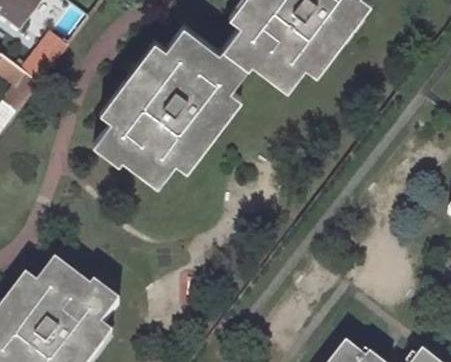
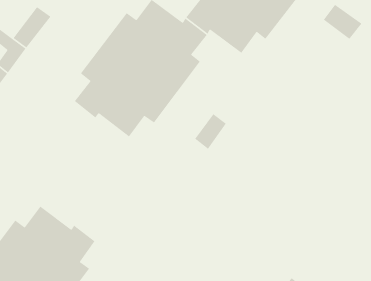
building: none -> [323,4,362,40]
building: none -> [194,113,227,150]

